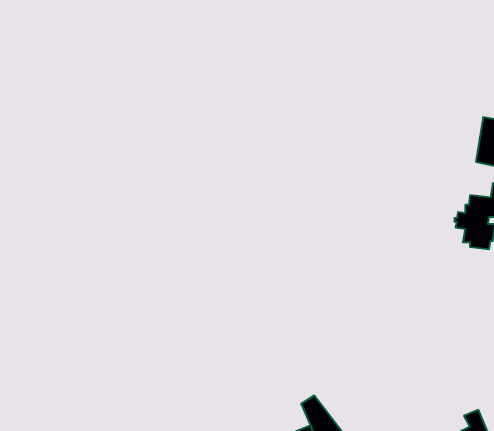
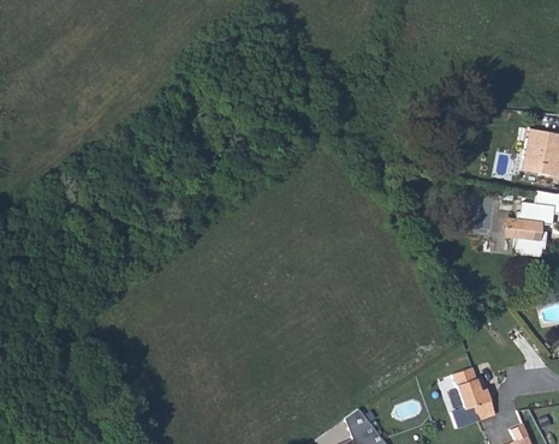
building: none -> [451,368,498,425]

